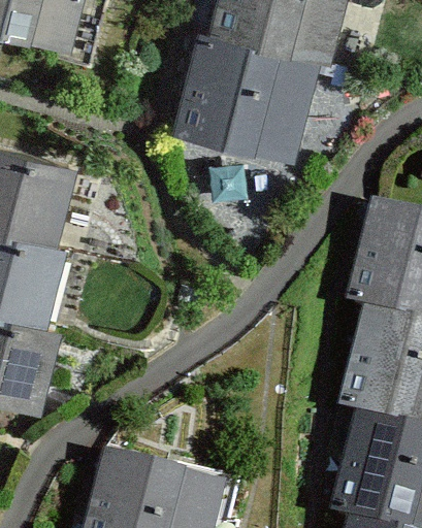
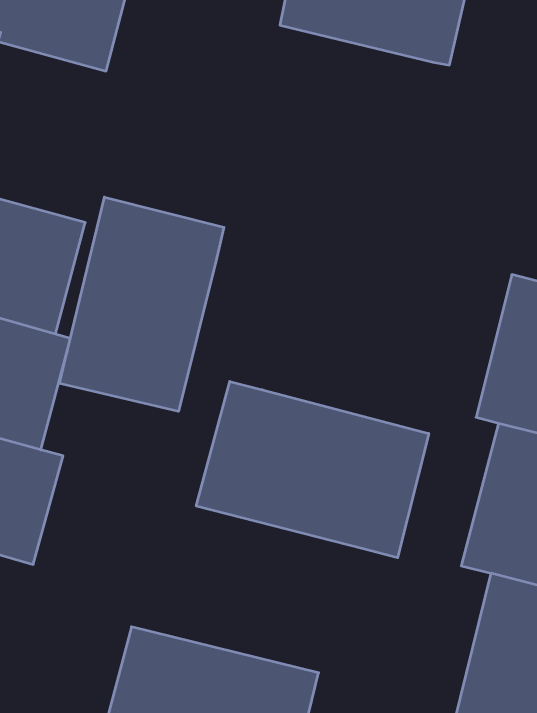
building: [174,28,318,155] -> none
building: none -> [59,197,224,411]
building: none -> [196,381,429,558]

